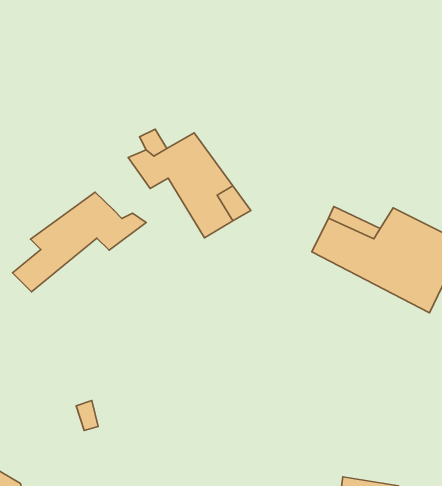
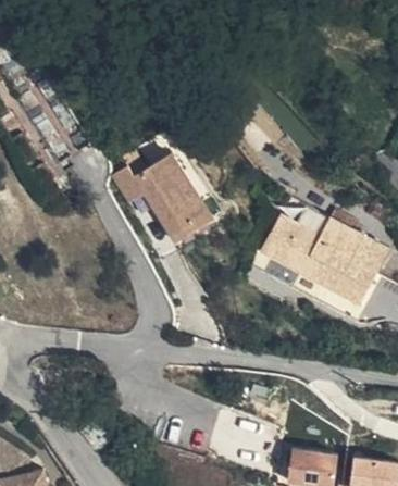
building: [13,192,146,292] -> none

